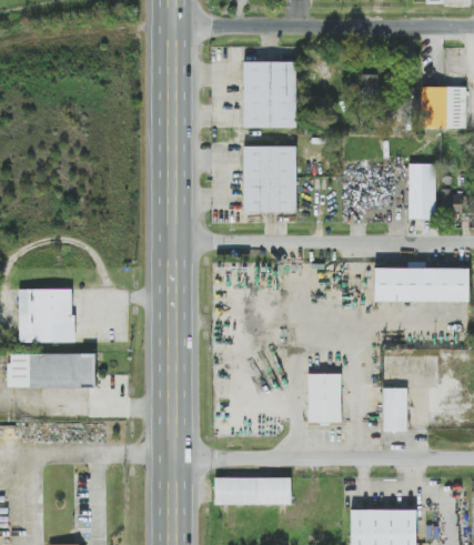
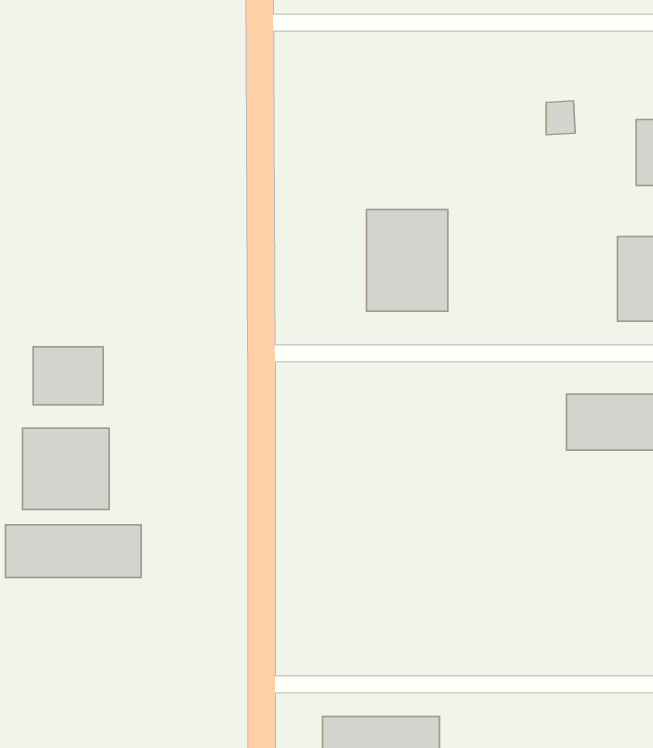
building: [243,61,296,129] -> none
building: none -> [33,347,103,405]
building: [307,373,341,423] -> none
building: [383,387,406,430] -> none

